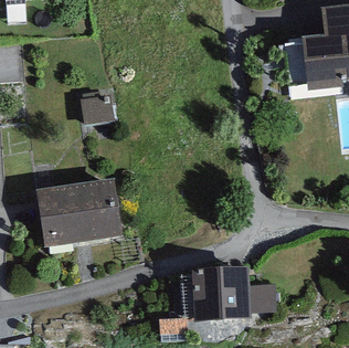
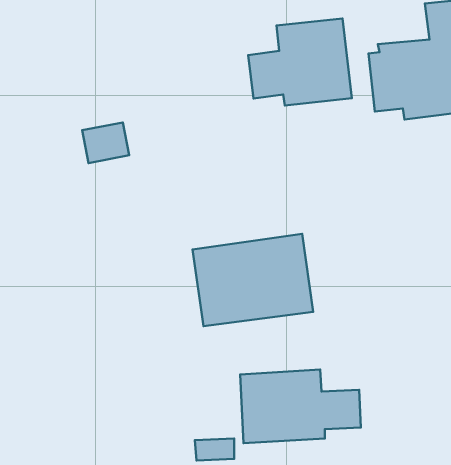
building: none -> [248,19,352,105]
building: [36,180,121,245] -> [193,234,313,326]

